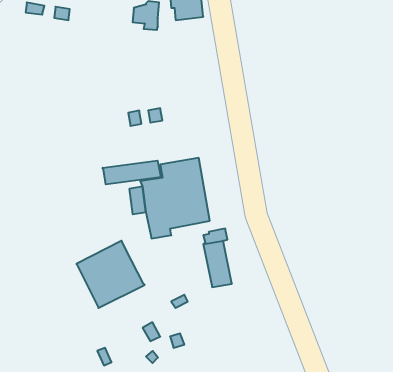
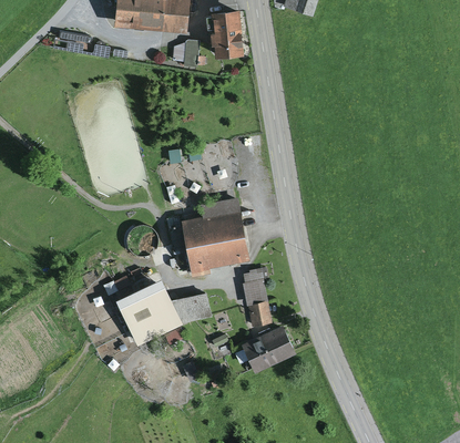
building: [103,161,161,184] -> none
building: none -> [171,292,212,322]
building: none -> [242,326,296,372]

